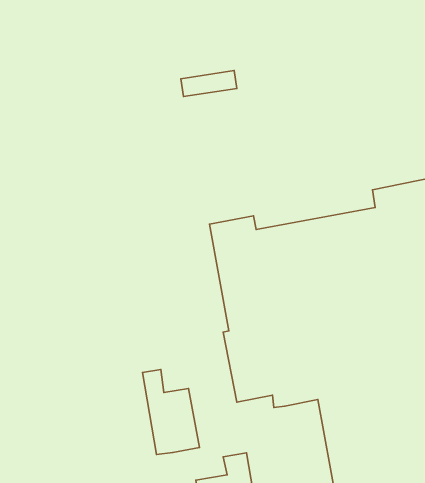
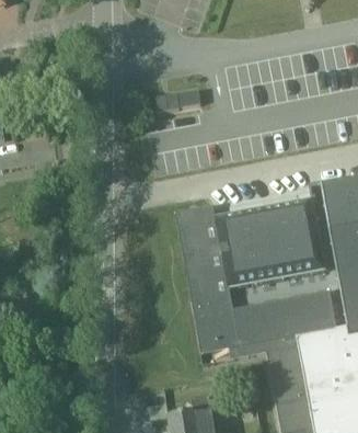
building: [143,370,199,454] -> none

